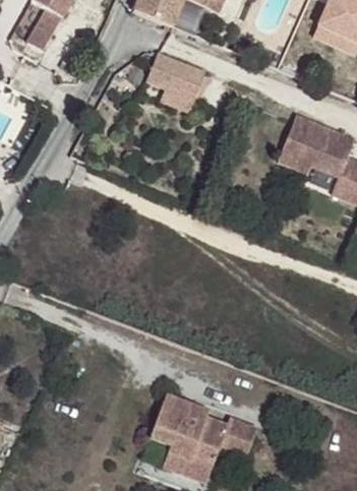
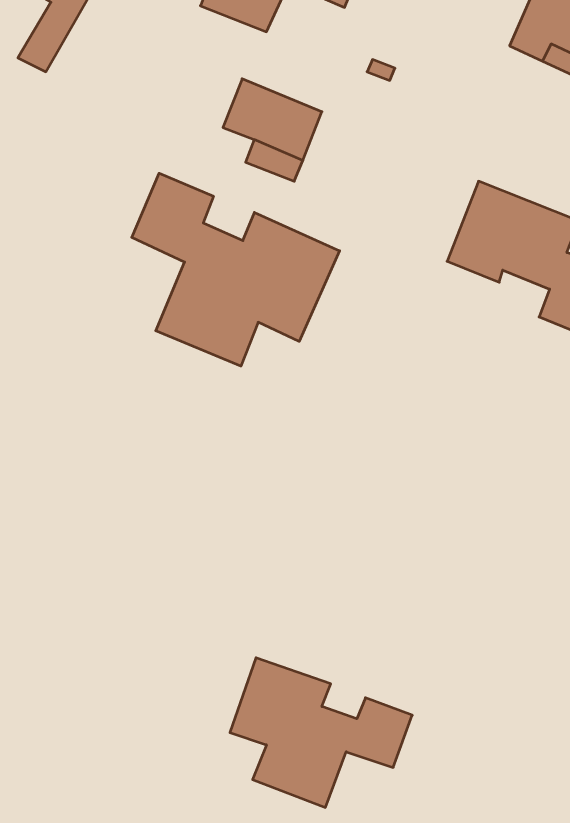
building: none -> [132,173,340,366]

